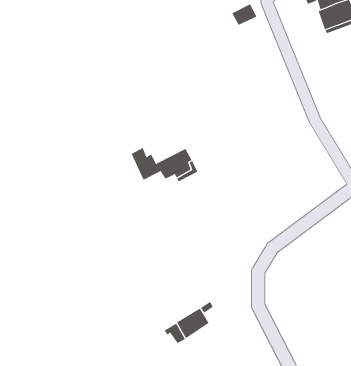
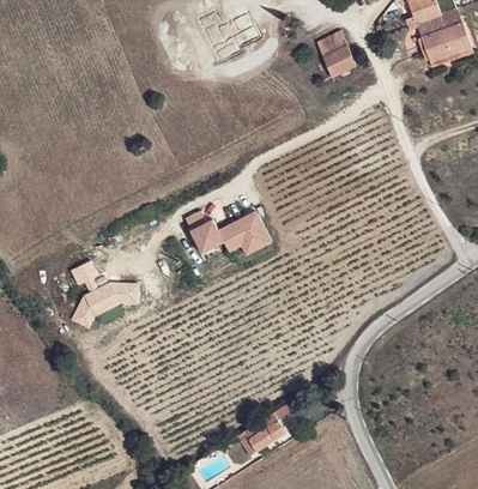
building: none -> [322,46,356,76]
building: none -> [69,259,138,326]

